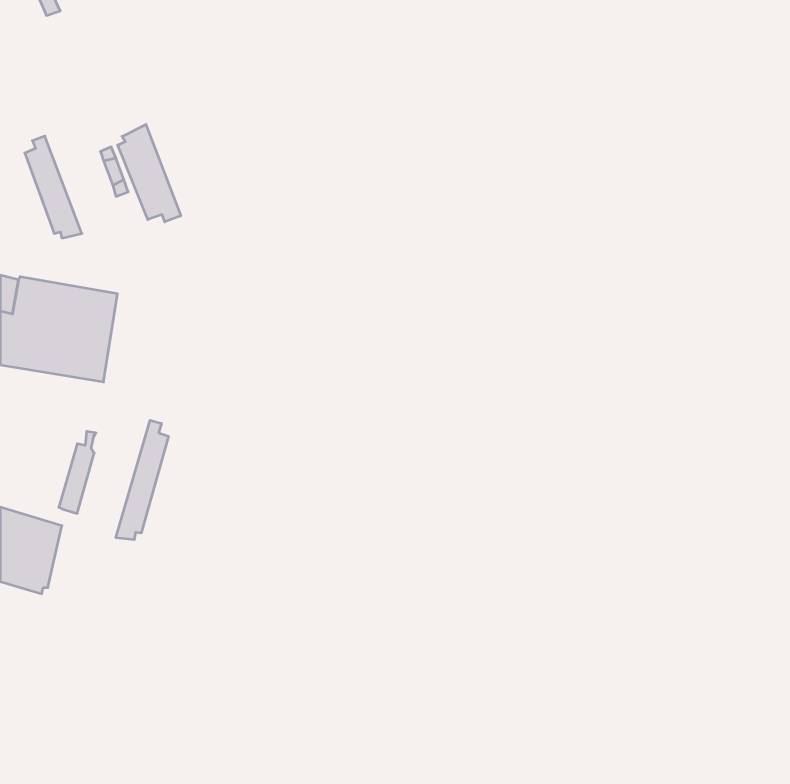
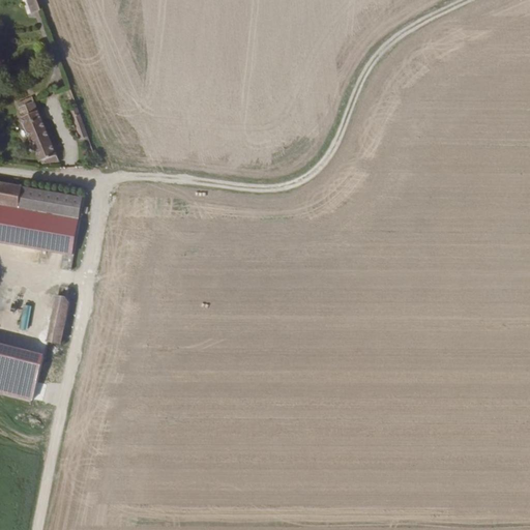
building: [118,124,181,222] -> none
building: [116,420,168,540] -> none

